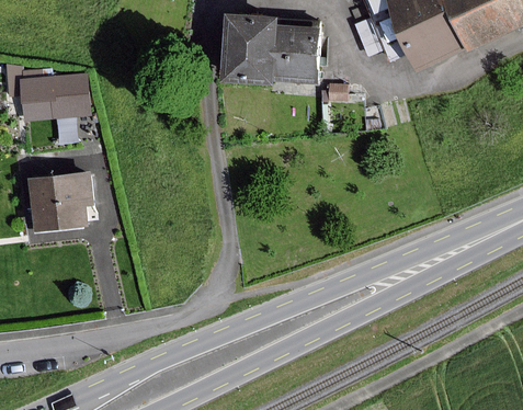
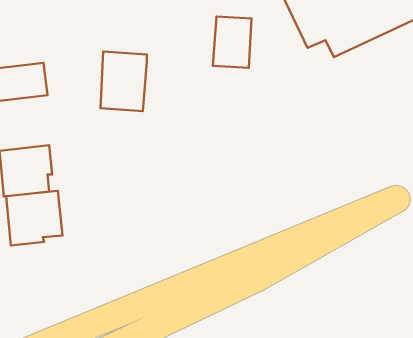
building: [229,10,283,79] -> [100,52,147,111]
building: none -> [6,191,62,246]

